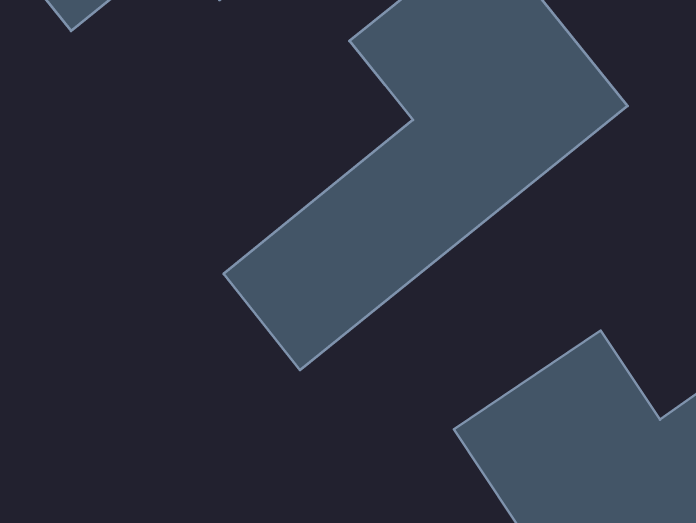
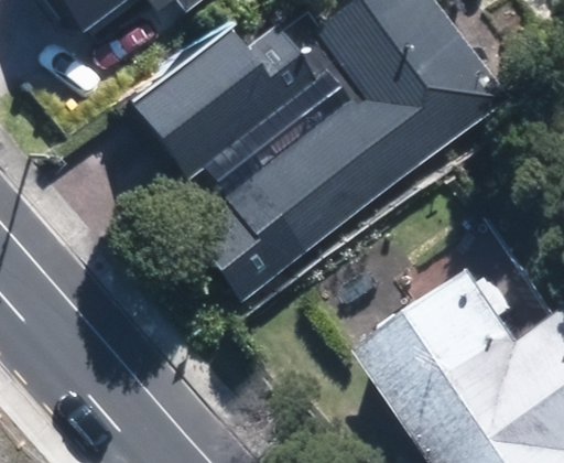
building: none -> [126,21,318,183]

